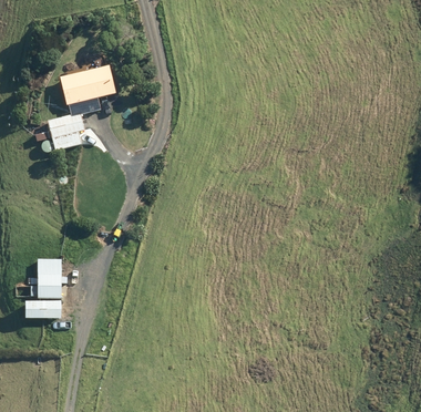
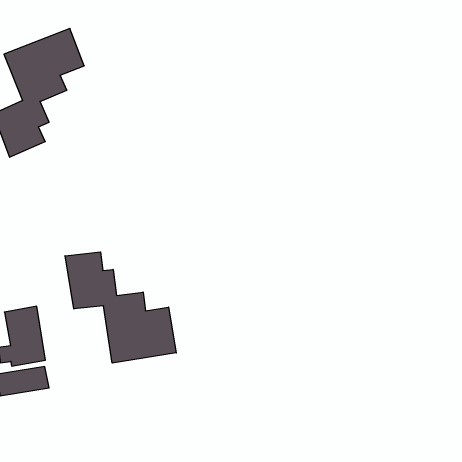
building: none -> [65,252,176,363]

